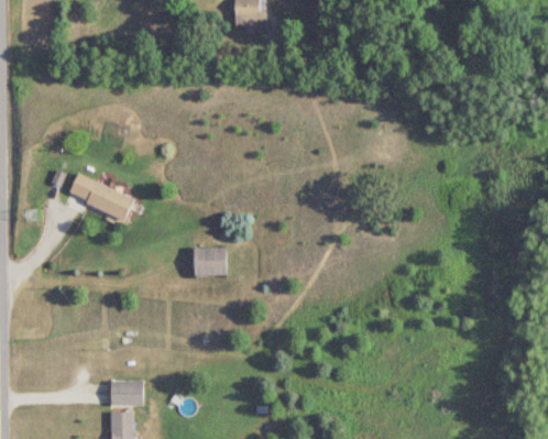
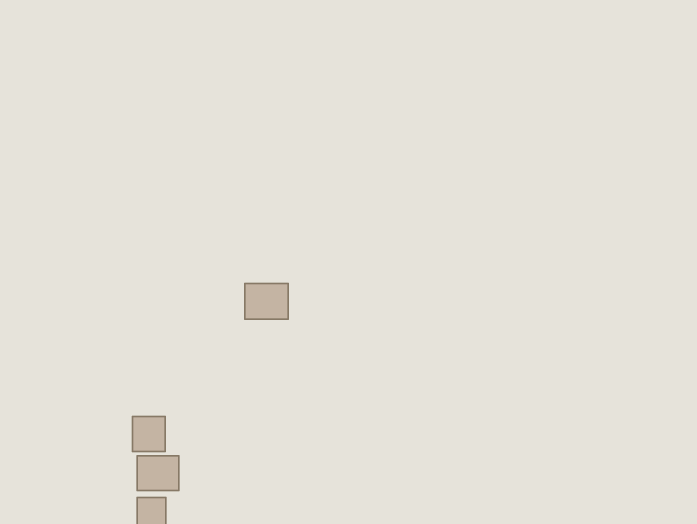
building: [69,174,134,221] -> none
building: none -> [133,417,165,452]

